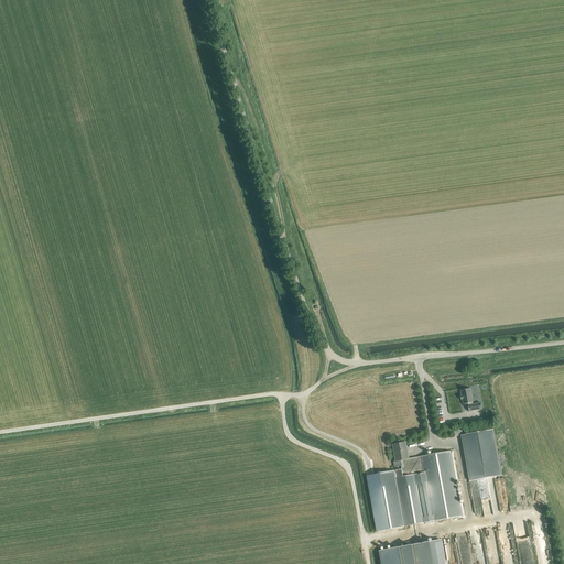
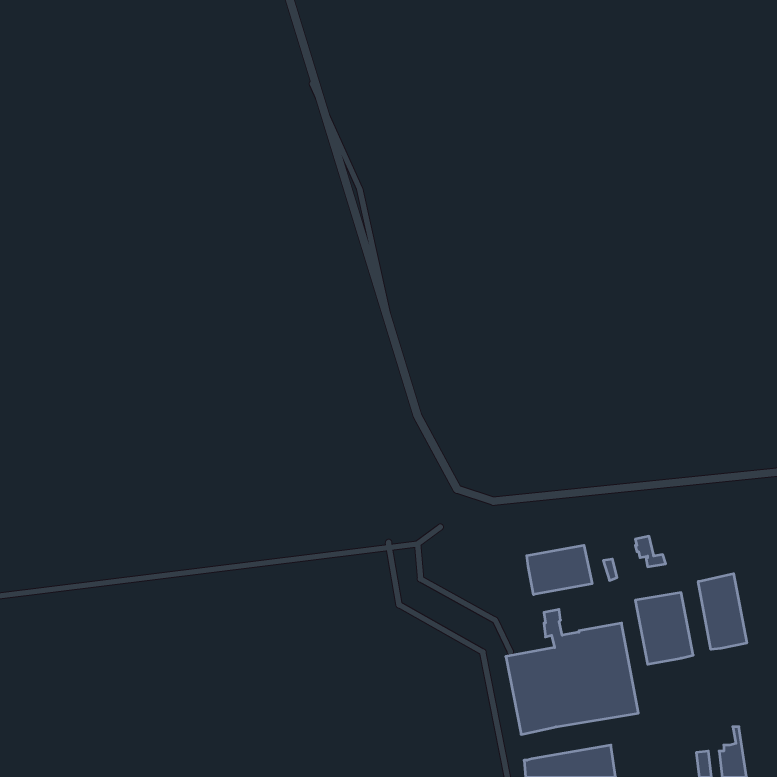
building: none -> [527,545,592,595]
building: none -> [698,574,747,649]

